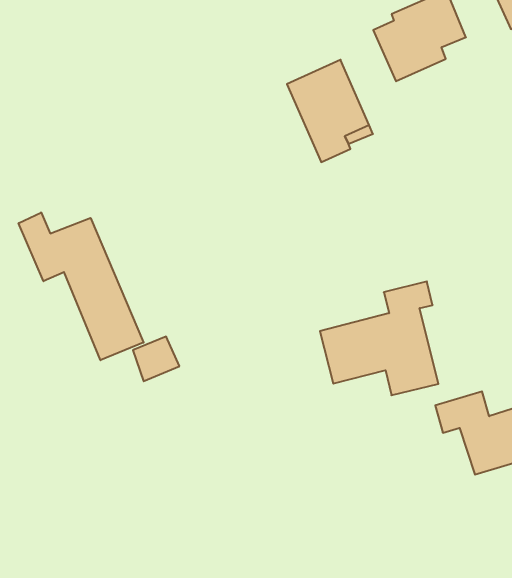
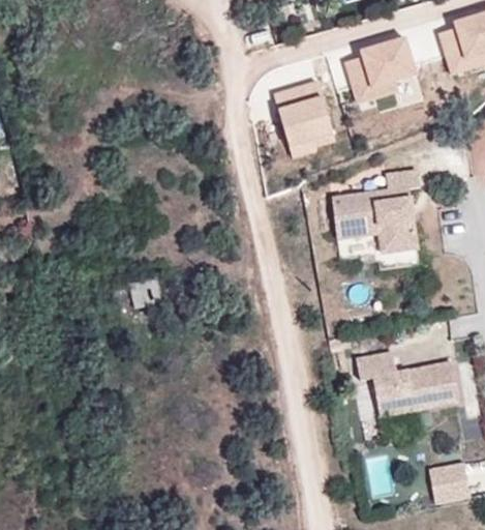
building: [19,212,144,360] -> none
building: [320,281,438,395] -> [332,172,421,256]

